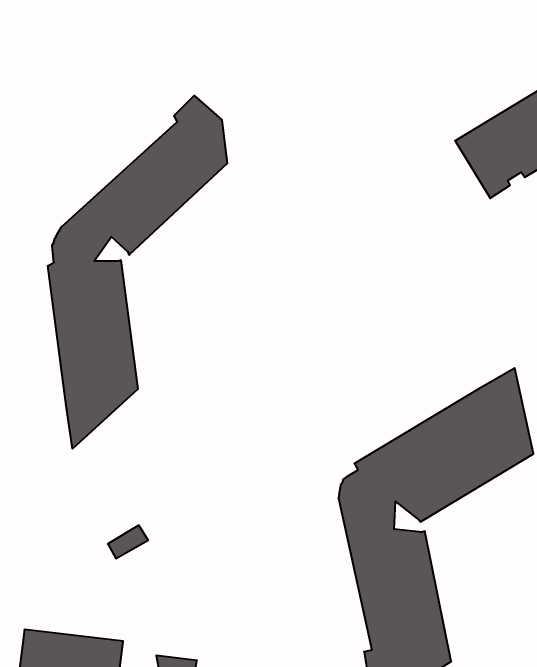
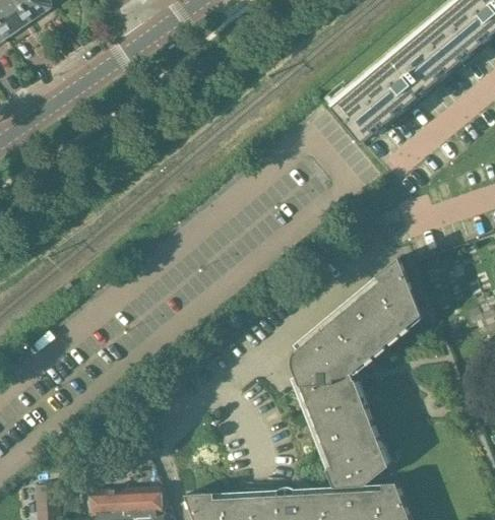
building: [48,96,227,449] -> none

